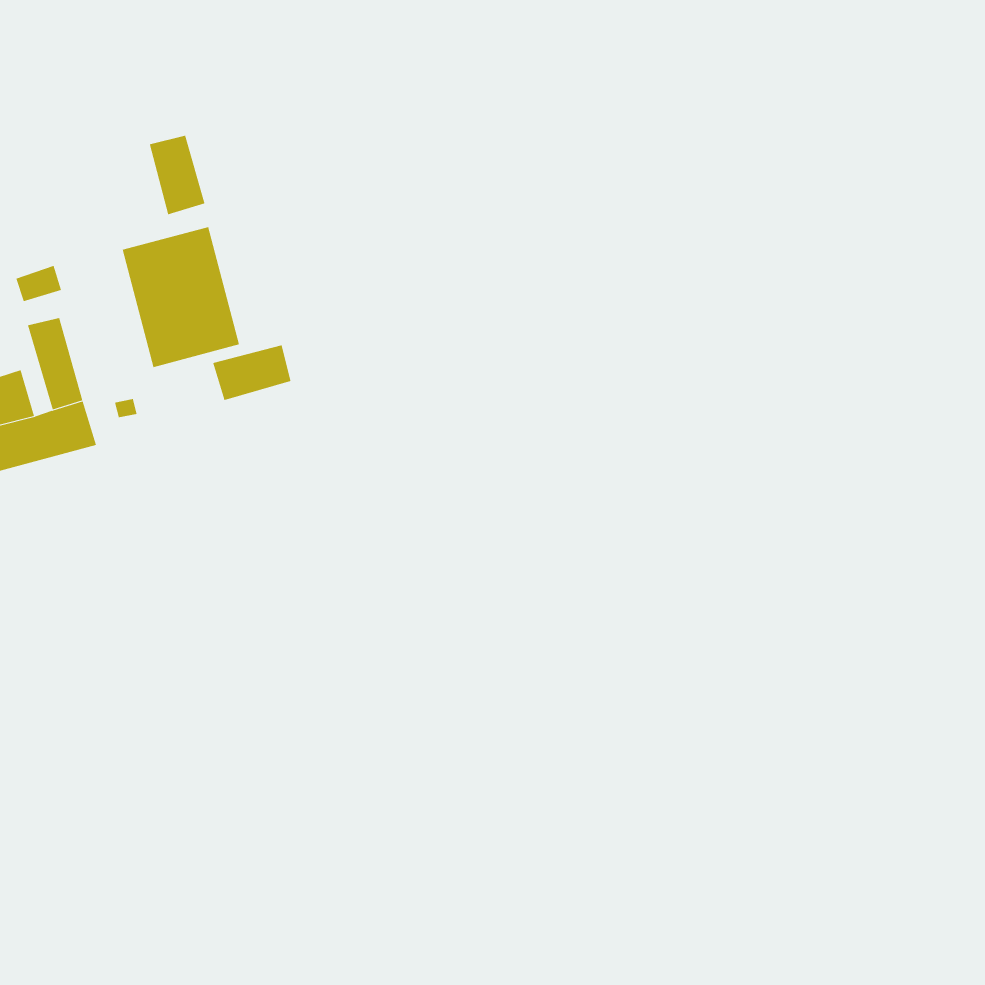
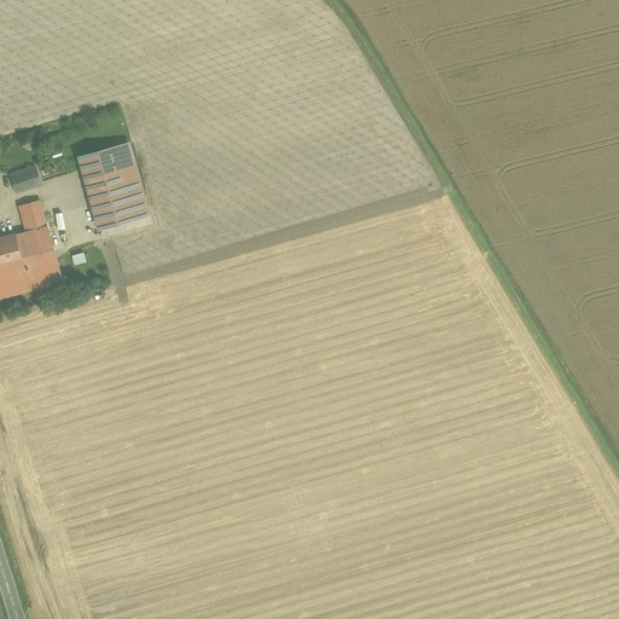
building: [149,135,205,215] -> none
building: [212,344,291,401] -> none

